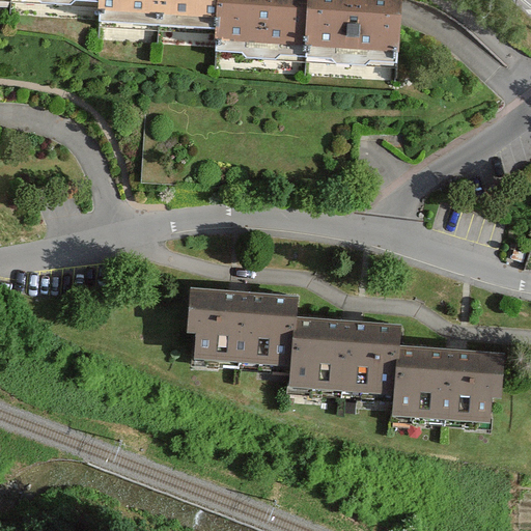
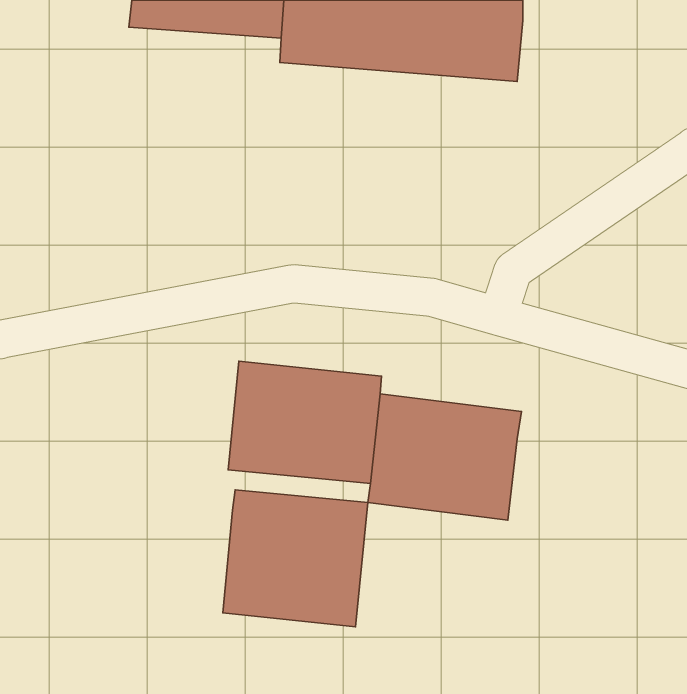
building: [390,335,501,432] -> none
building: none -> [223,490,368,627]

